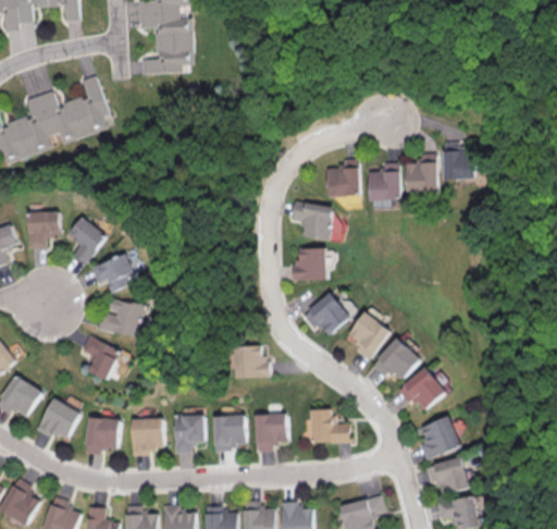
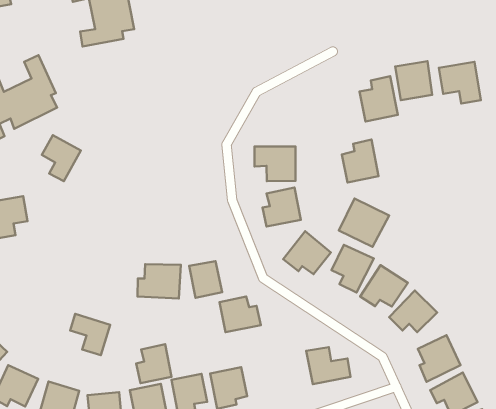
building: none -> [439,62,481,103]
building: [326,159,359,196] -> none
building: [368,162,400,200] -> [342,140,379,182]
building: [66,217,106,263] -> [42,135,81,181]
building: [90,254,133,293] -> none
building: none -> [339,199,389,247]
building: [98,298,146,337] -> [137,264,181,298]
building: none -> [189,261,222,298]
building: none -> [136,344,172,383]
building: [253,414,286,452] -> none

